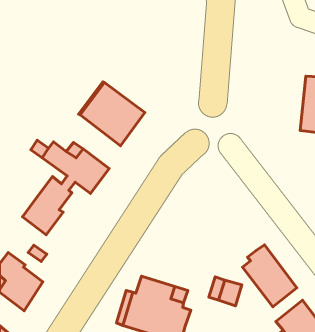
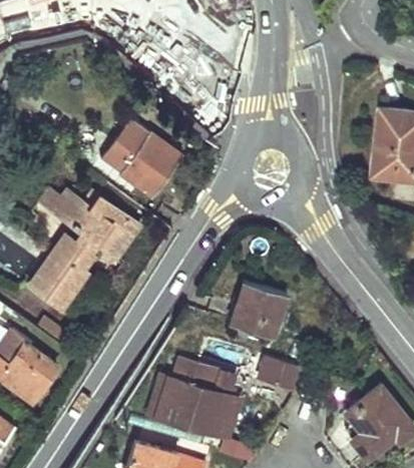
building: none -> [230,283,285,339]
building: [243,245,297,307] -> none

